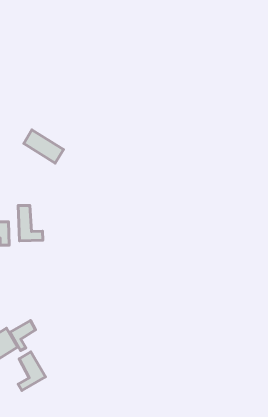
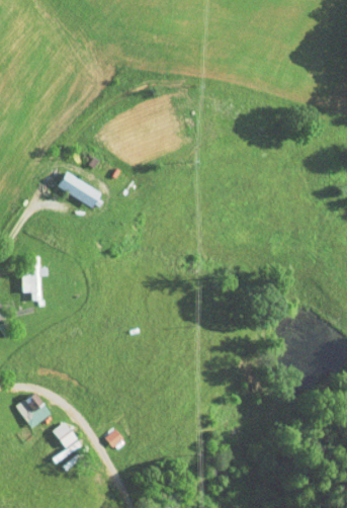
building: [18,206,43,241] -> none
building: [10,320,36,351] -> none

